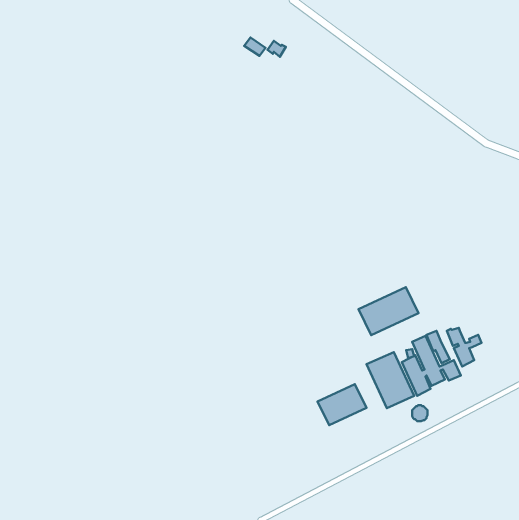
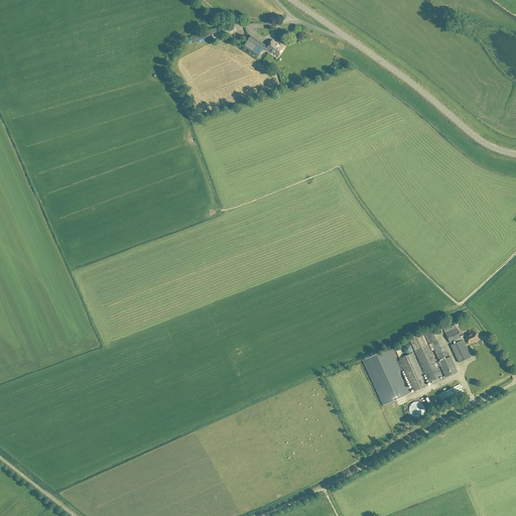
building: [358,287,418,335] -> none
building: [318,384,366,425] -> none

